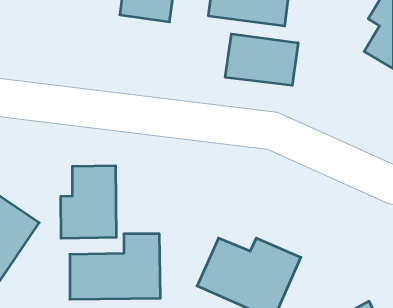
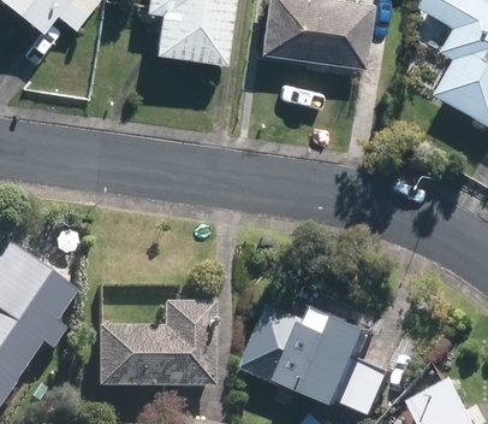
building: [225,34,298,85] -> none
building: [61,166,116,238] -> none

